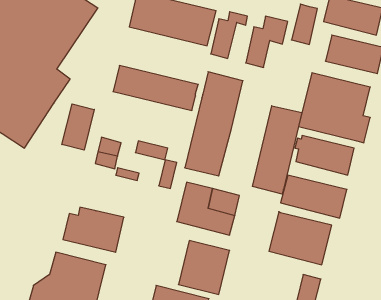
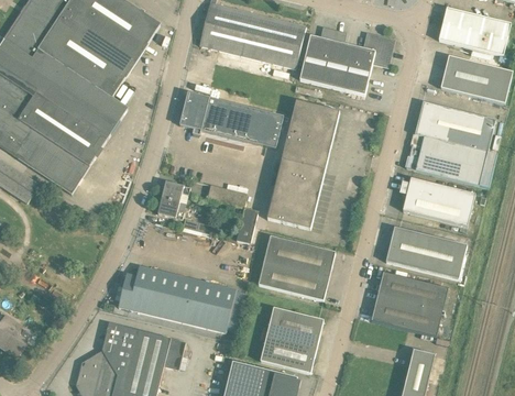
building: [291,4,317,44] -> [320,40,352,89]
building: [62,104,94,150] -> none
building: [252,106,302,194] -> none
building: none -> [183,278,235,332]

